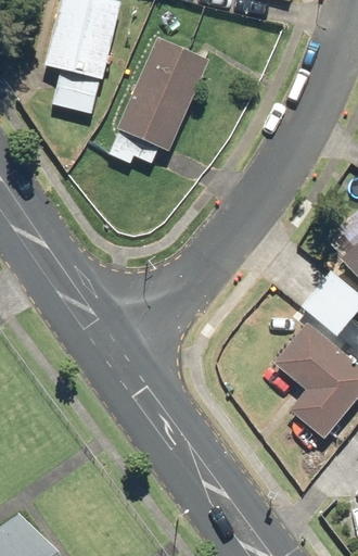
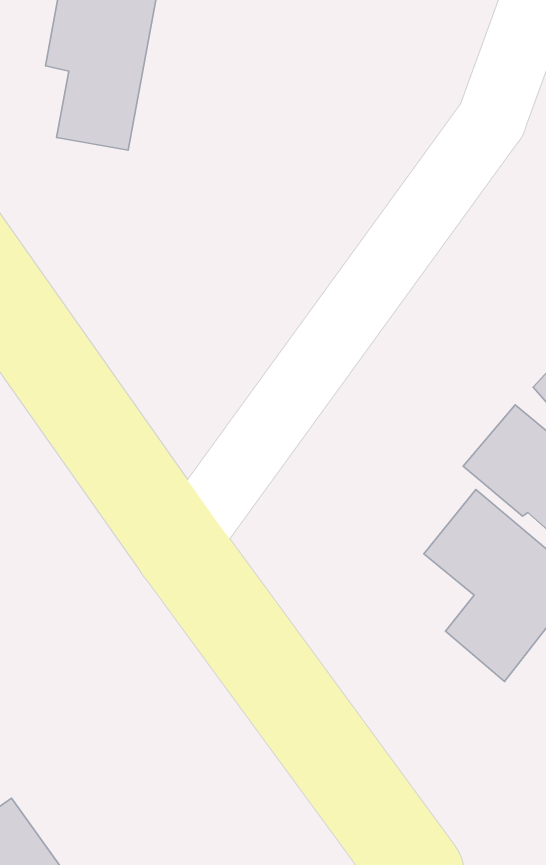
building: [111,38,209,165] -> none

